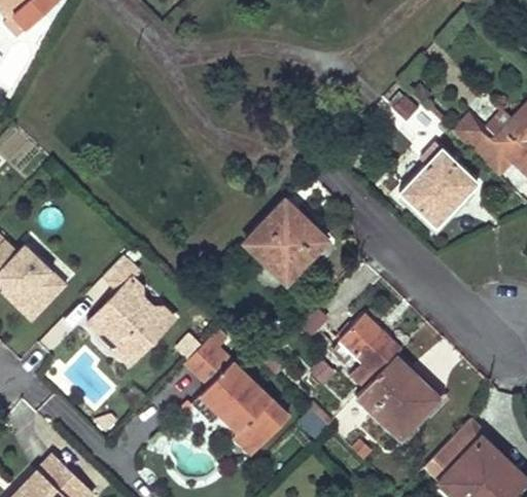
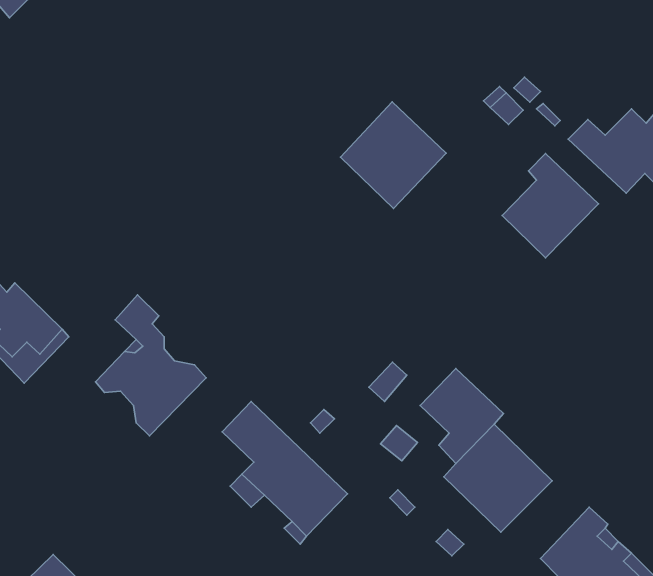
building: [245,200,327,283] -> [341,102,446,209]

